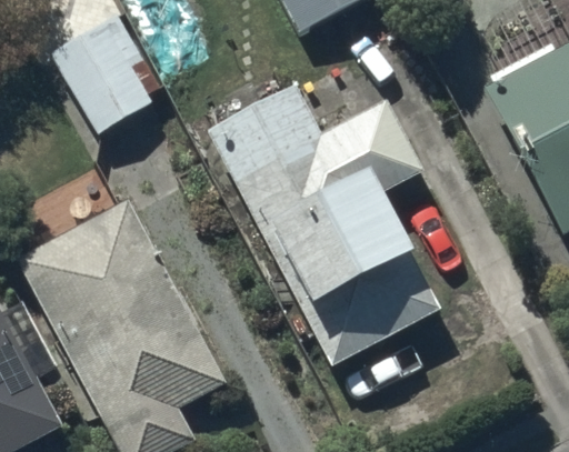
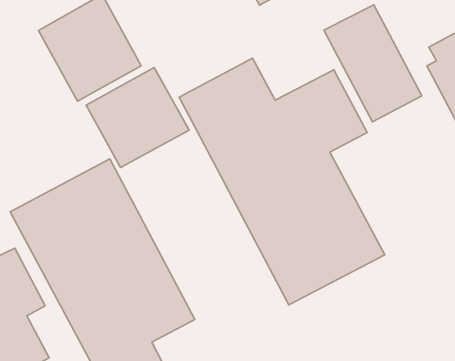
building: none -> [324,5,422,122]
building: none -> [86,67,189,167]

